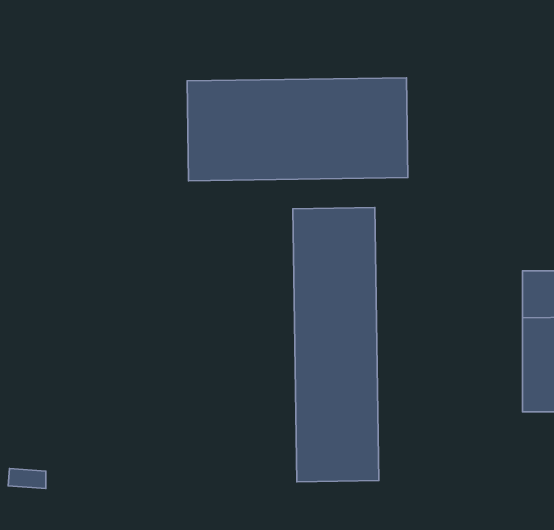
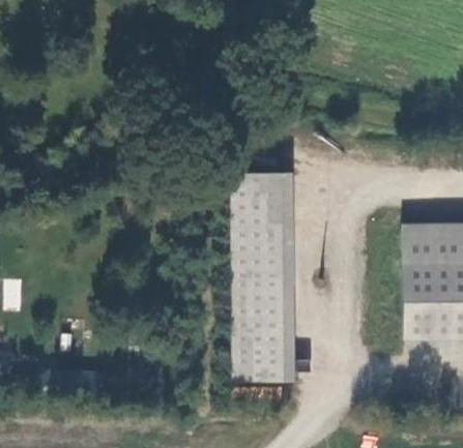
building: [187,78,408,181] -> none

